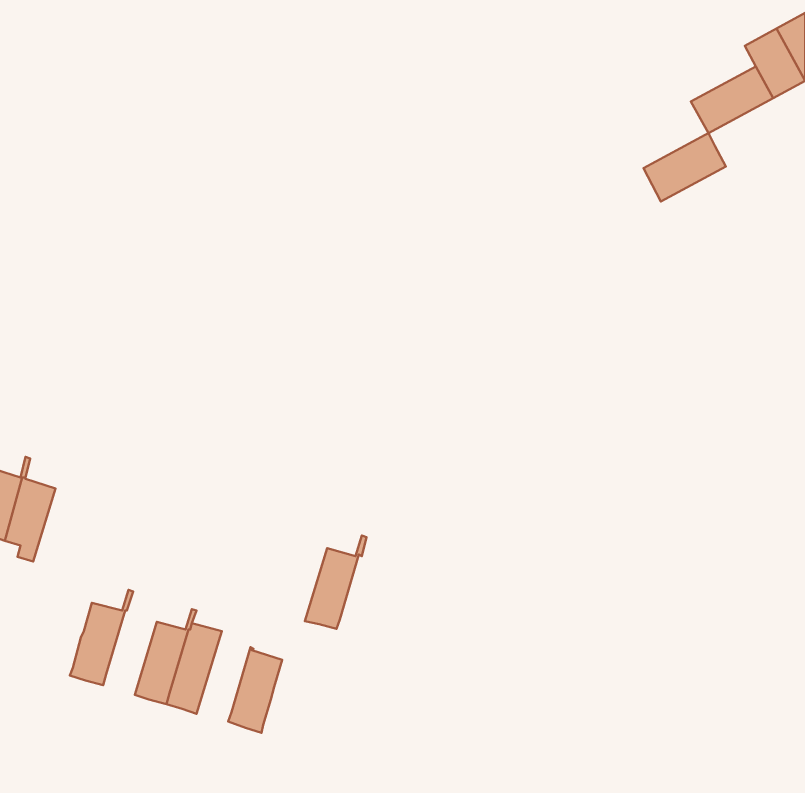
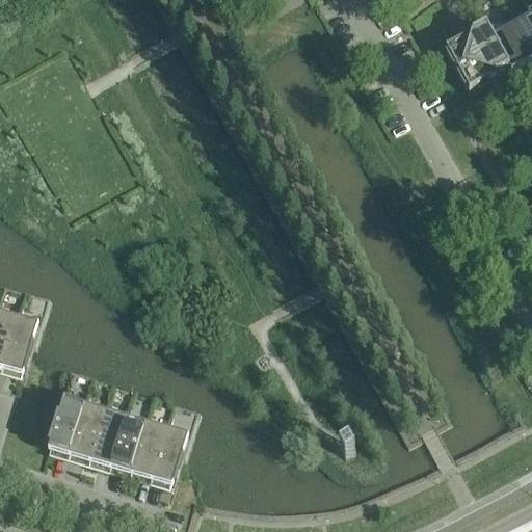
building: [643,133,726,201] -> [442,22,496,66]
building: [305,535,367,629] -> [129,411,169,473]
building: none -> [68,400,103,455]

